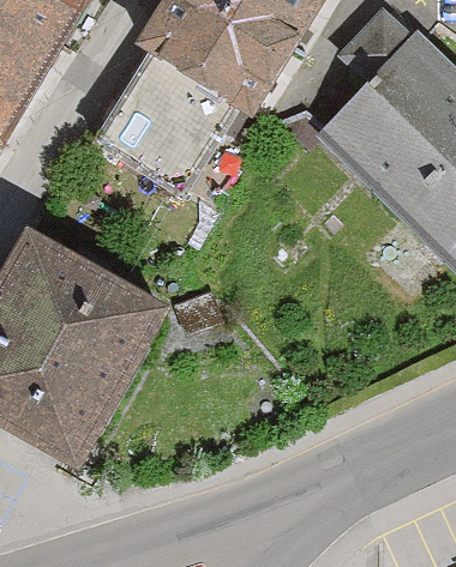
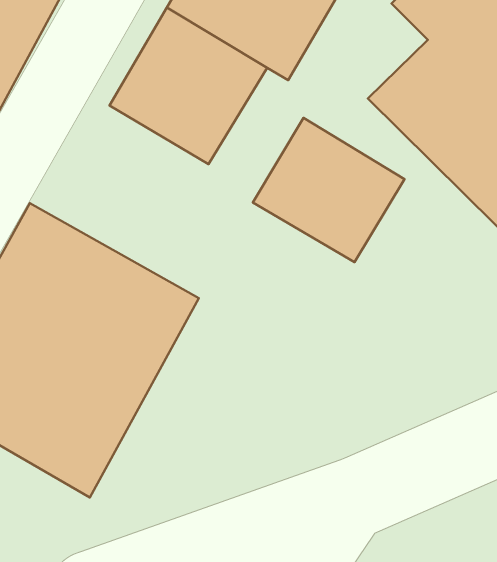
building: none -> [253,118,405,262]

